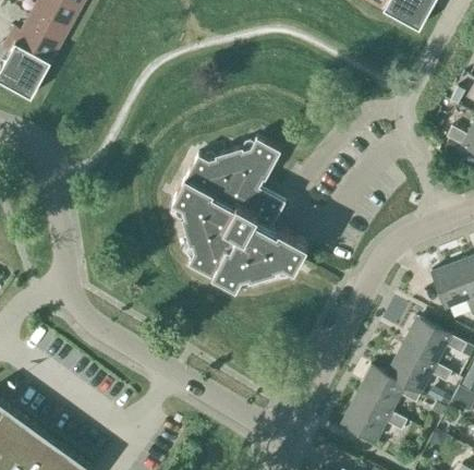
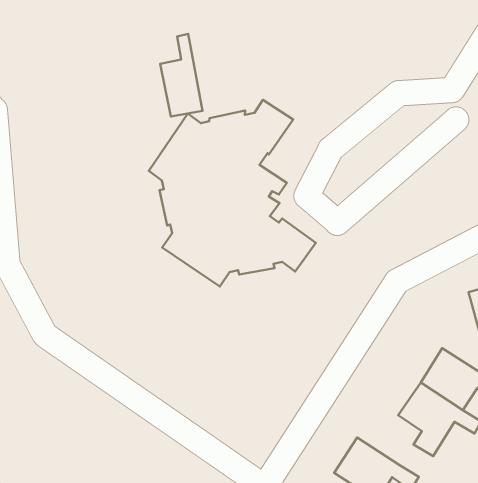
building: none -> [160,34,202,116]
building: [356,365,406,412] -> none

